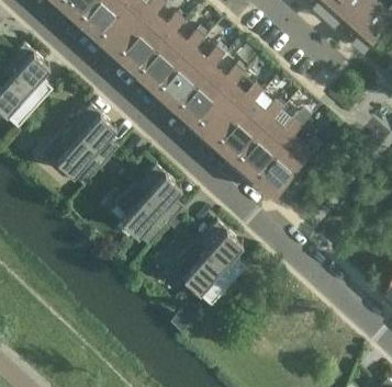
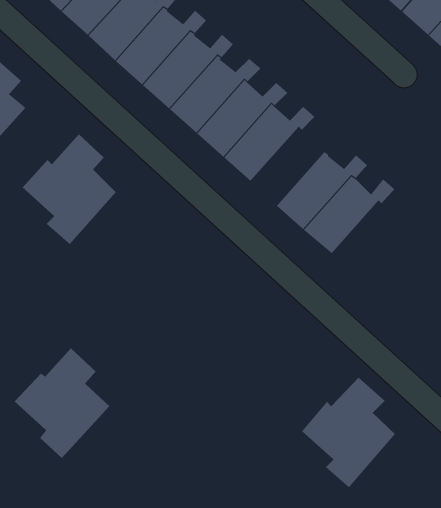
building: [215,99,281,156] -> none
building: [113,163,183,244] -> [14,347,110,459]
building: [175,220,244,301] -> [301,377,396,488]

